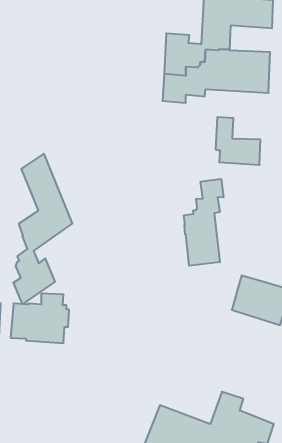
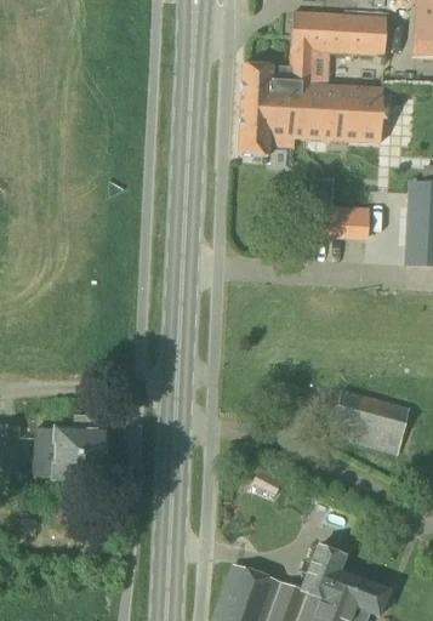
building: [13,154,72,304] -> none
building: [184,179,224,266] -> none

